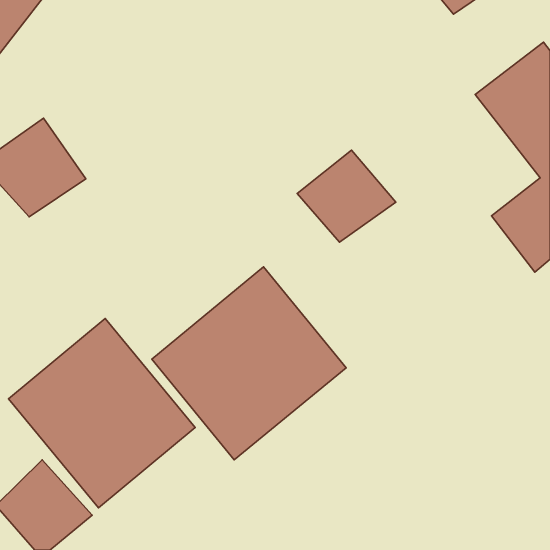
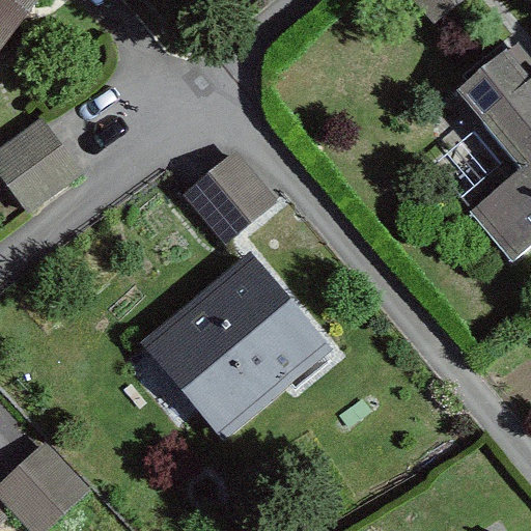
building: [297,150,396,242] -> [186,150,280,239]
building: [9,318,195,508] -> none

